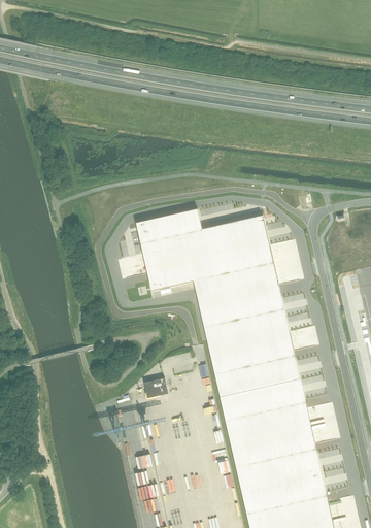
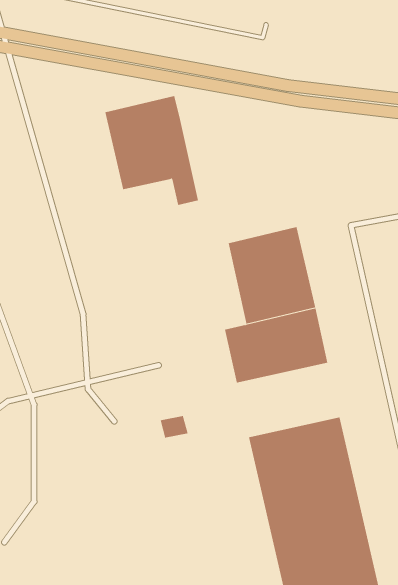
building: [136,209,217,304] -> [104,95,199,205]
building: [209,333,299,397] -> none

